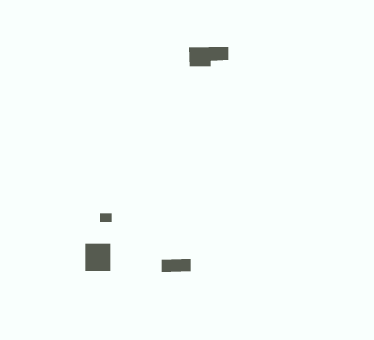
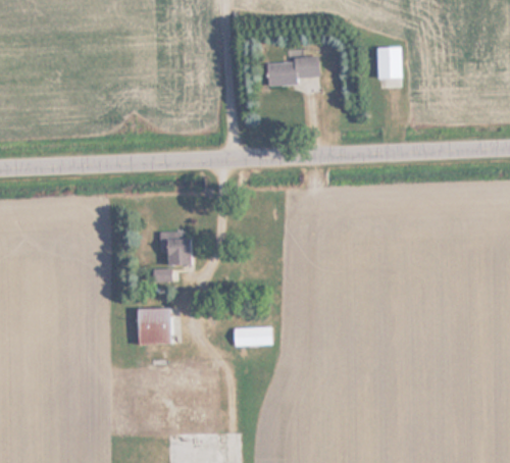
building: none -> [376,48,401,80]
building: none -> [163,232,191,266]

